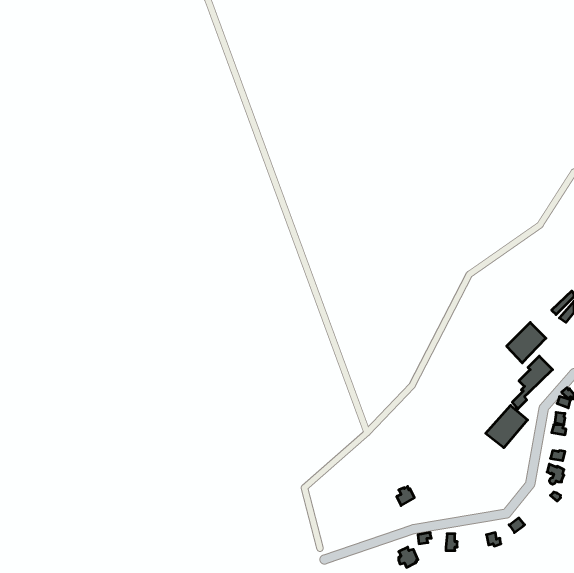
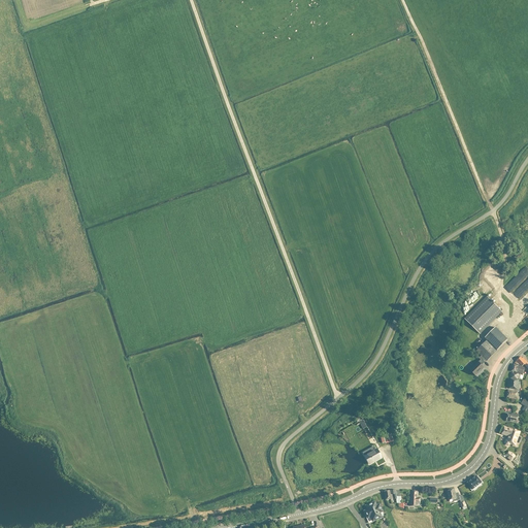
building: [486,405,528,448] -> none

